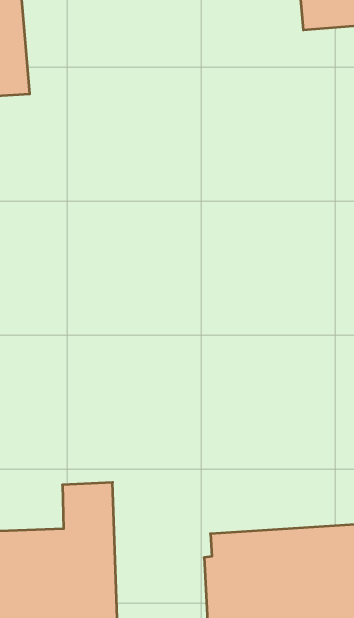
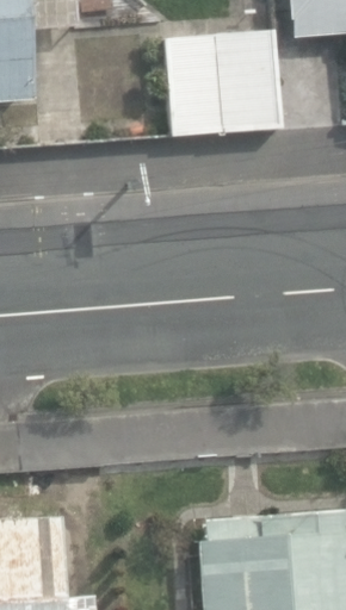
building: none -> [165,30,283,137]

